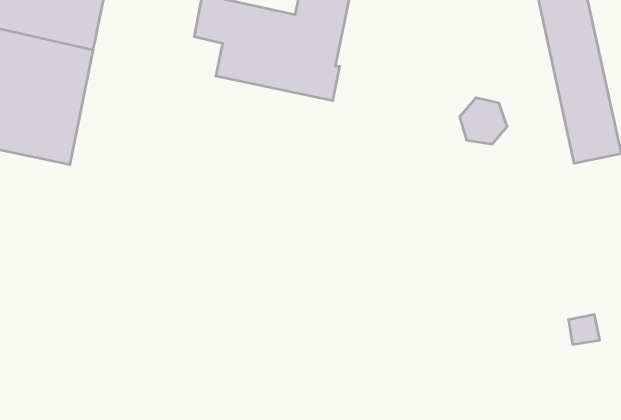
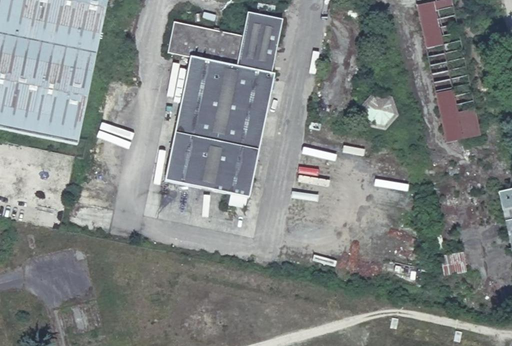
building: none -> [163,78,269,206]

